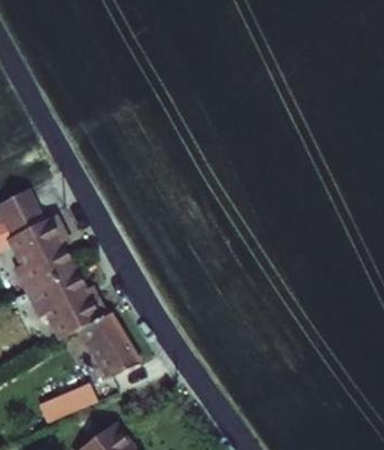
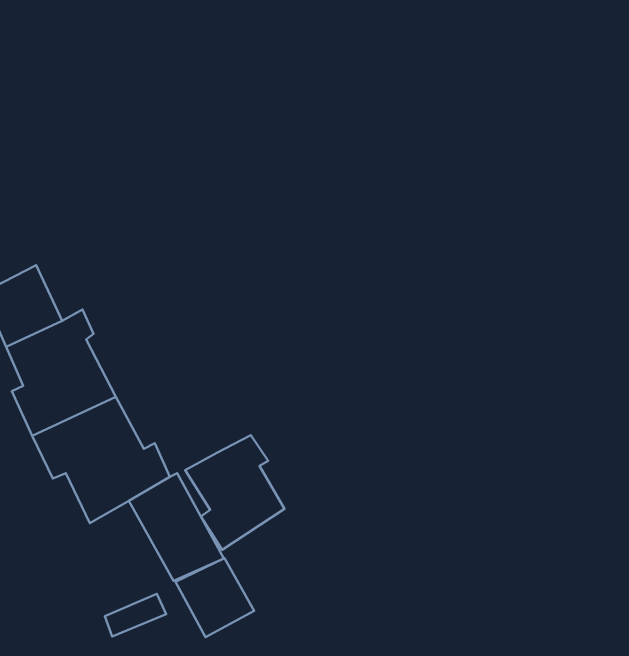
building: none -> [185,435,284,550]
building: none -> [175,558,254,637]

